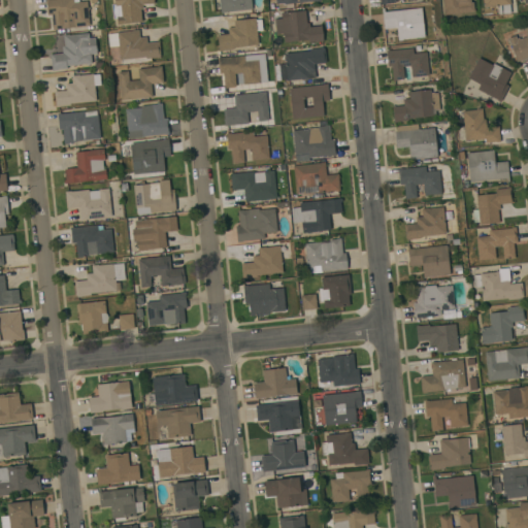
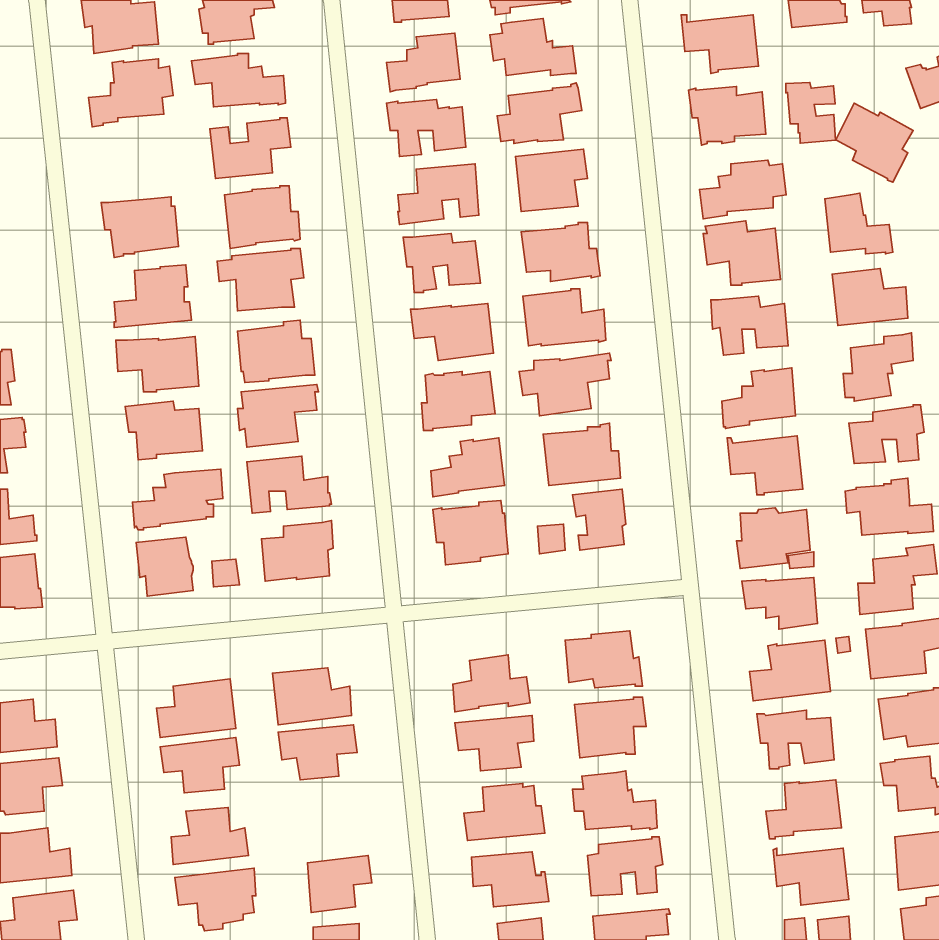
building: none -> [786,82,836,143]
building: [55,74,97,107] -> none
building: [157,446,206,477] -> none

